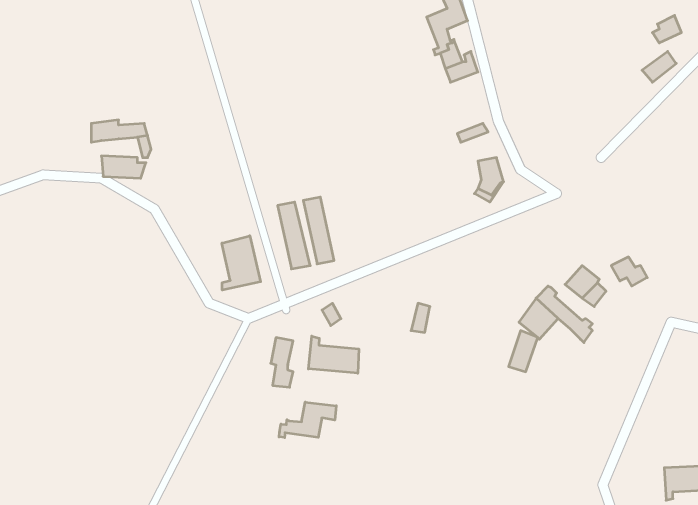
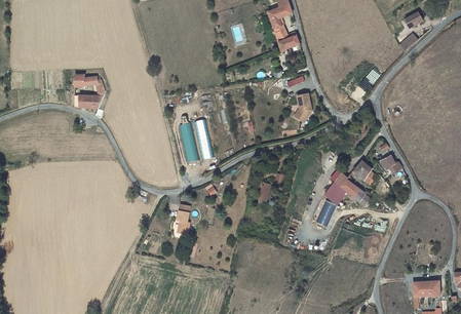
building: [222,236,261,290] -> none
building: [308,336,359,373] -> none
building: [279,402,336,438] -> none

